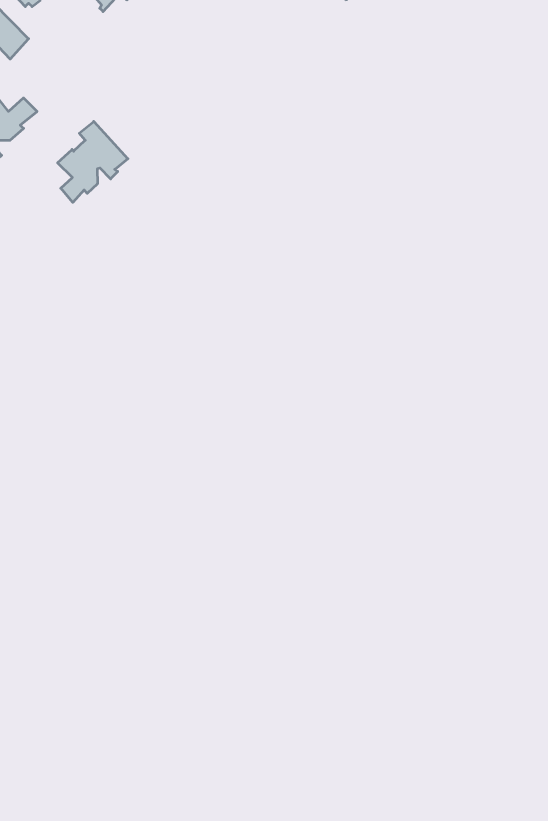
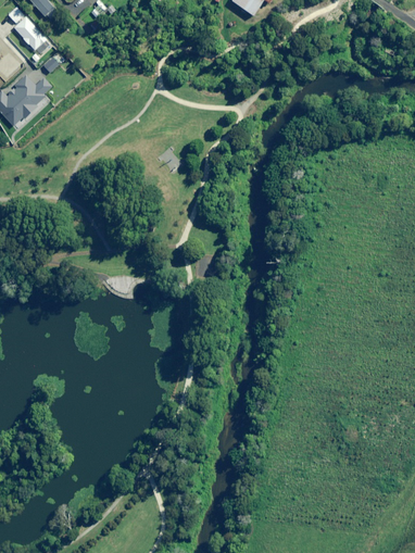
building: [58,121,128,202] -> none

